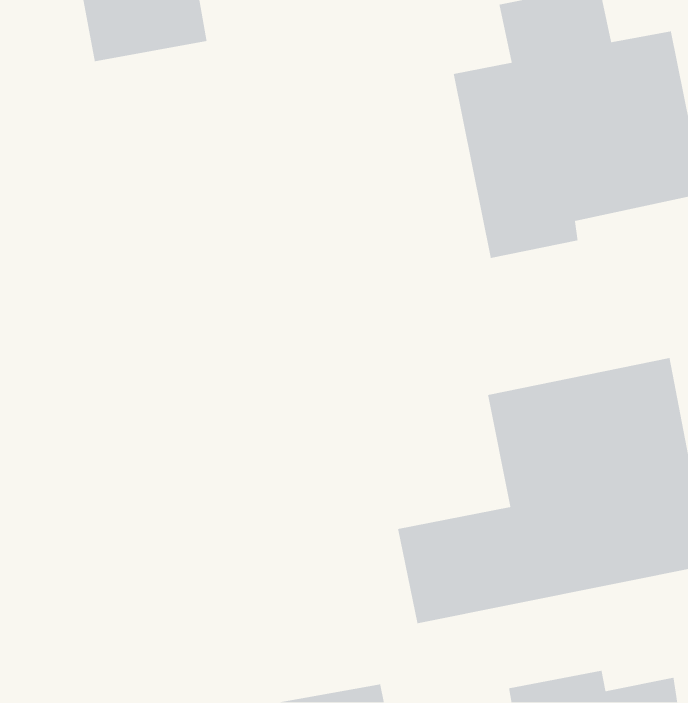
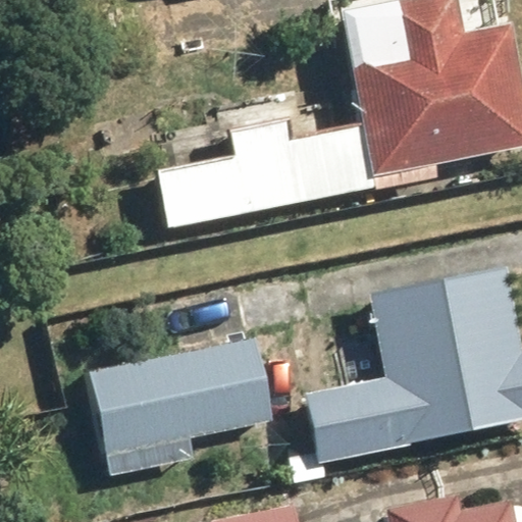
building: none -> [158,120,370,228]
building: none -> [82,338,265,482]

